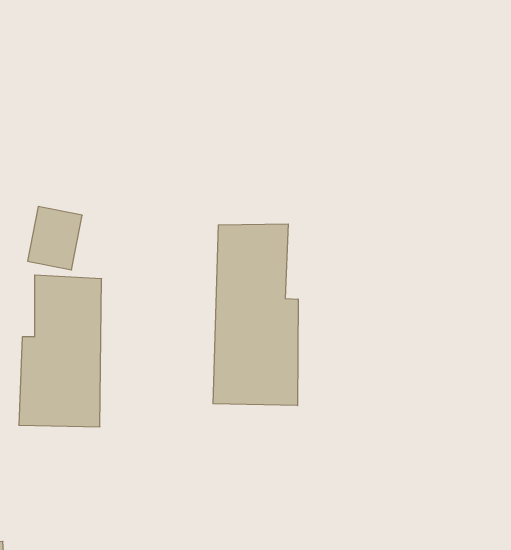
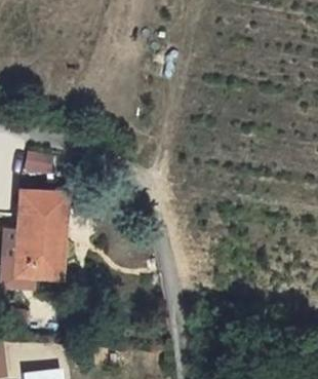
building: [213,224,298,406] -> none

